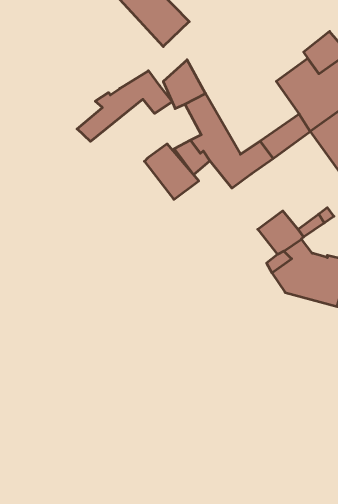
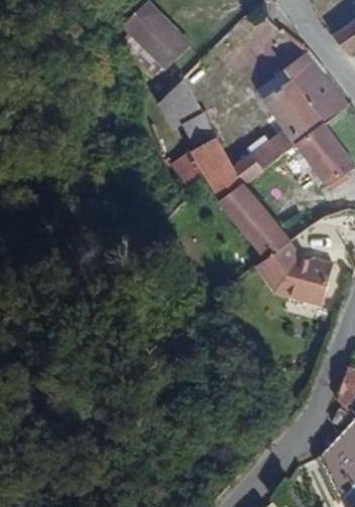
building: [77,71,172,141] -> none
building: [144,144,199,199] -> [219,184,270,235]

